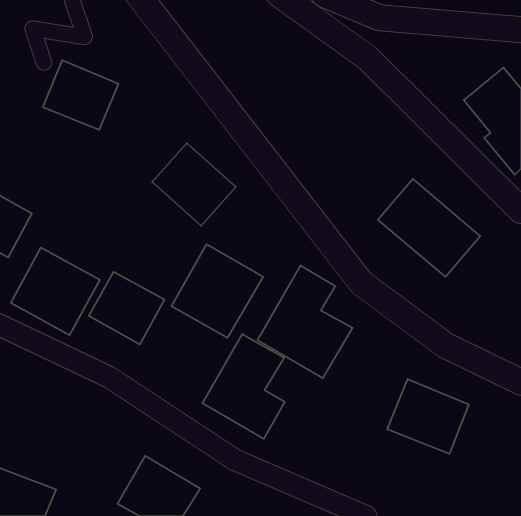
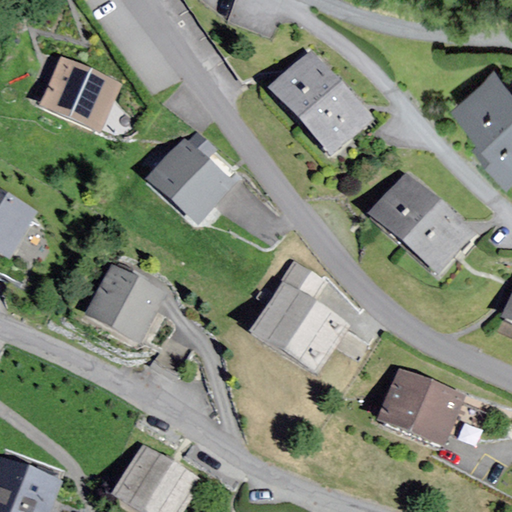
building: none -> [271,55,366,152]
building: [172,244,263,338] -> none
building: [11,248,100,335] -> none
building: [202,334,285,439] -> none

